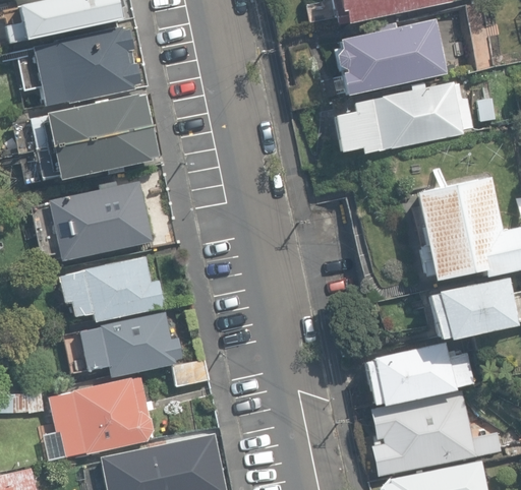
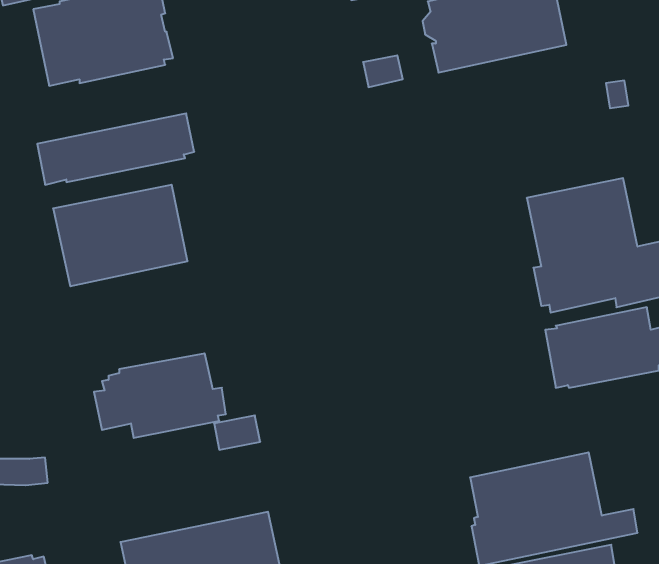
building: [334,82,472,156] -> none
building: [30,95,152,150] -> none
building: [60,256,165,321] -> none
building: [363,342,472,405] -> none
building: [49,377,153,457] -> none

